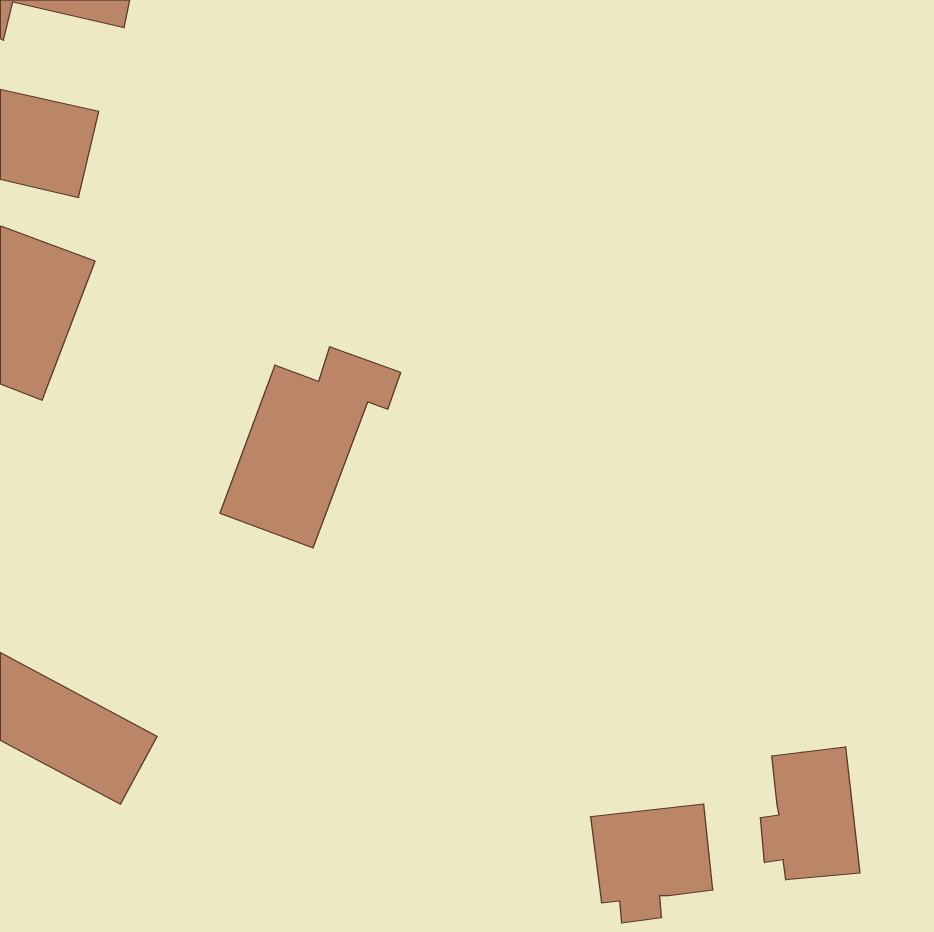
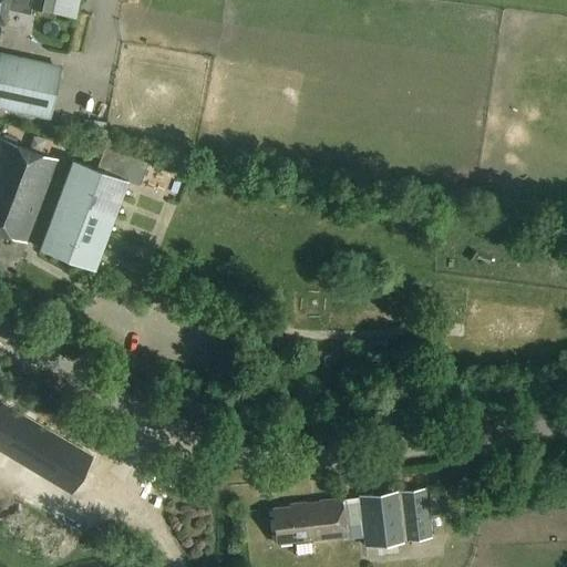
building: [220,347,401,548] -> [38,148,147,270]
building: [760,747,860,880] -> none
building: none -> [272,501,344,546]

